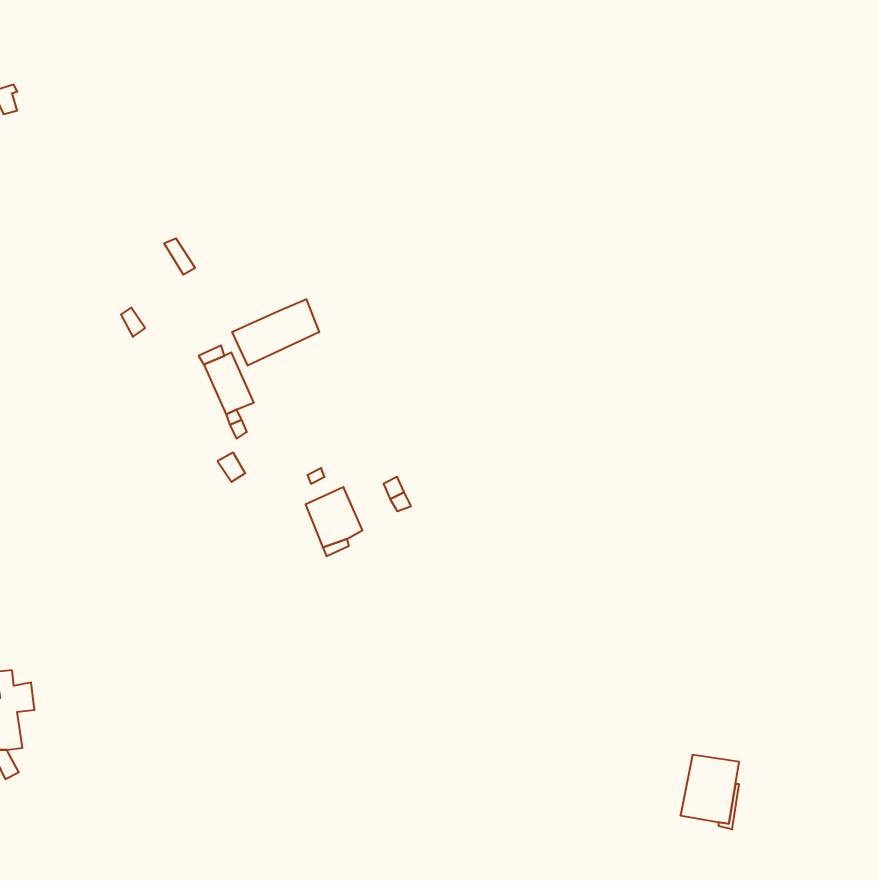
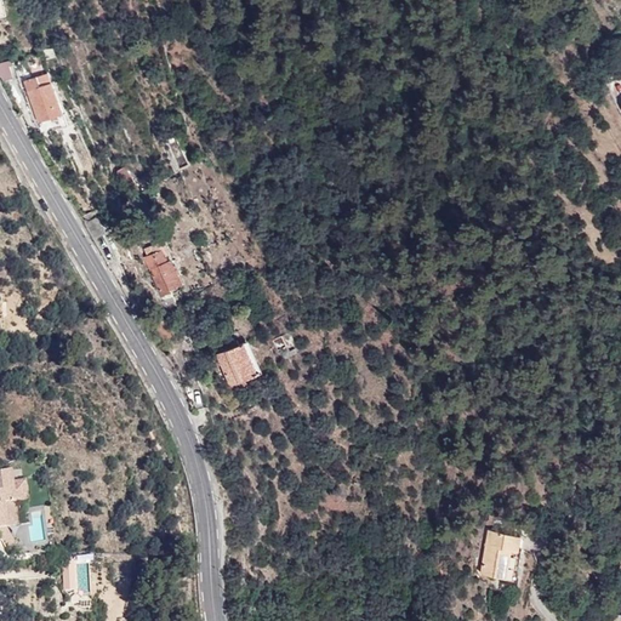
building: none -> [23,73,62,123]
building: [232,299,319,366] -> none

